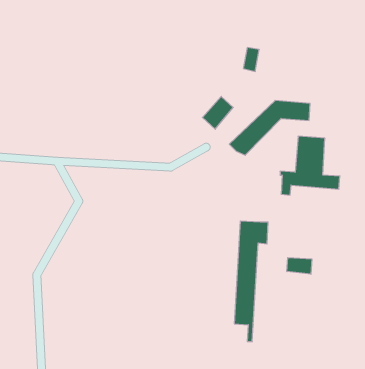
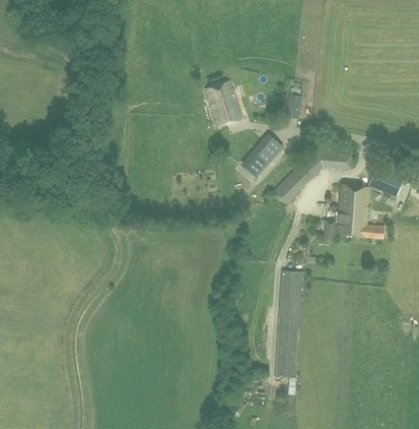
building: none -> [204,80,241,126]
building: none -> [367,166,403,196]
building: [287,258,312,274] -> none

